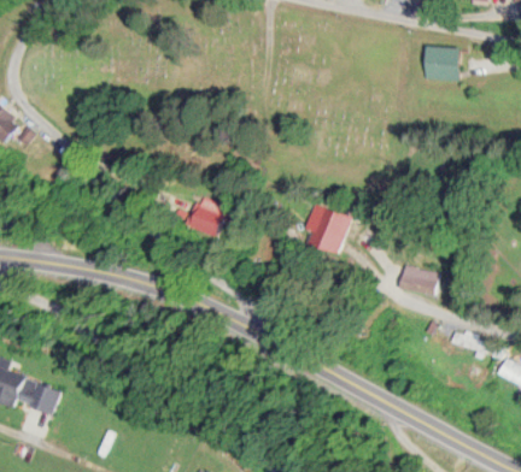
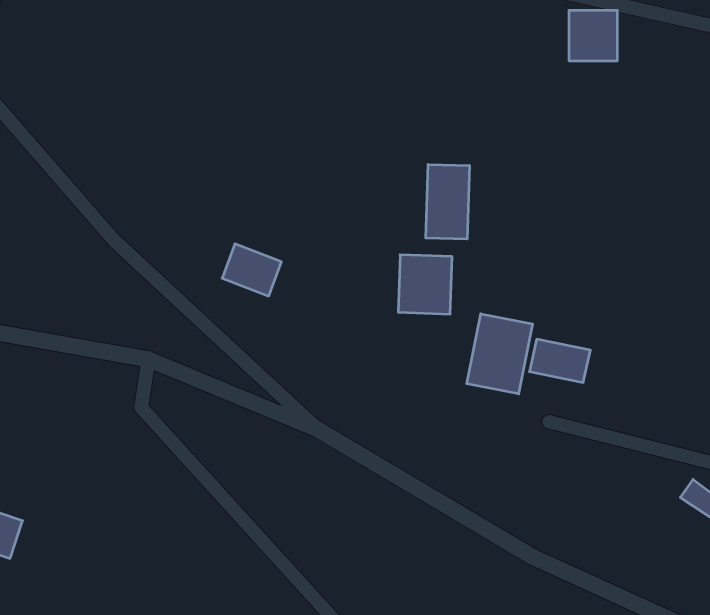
building: none -> [426,164,469,239]
building: none -> [467,314,533,394]

